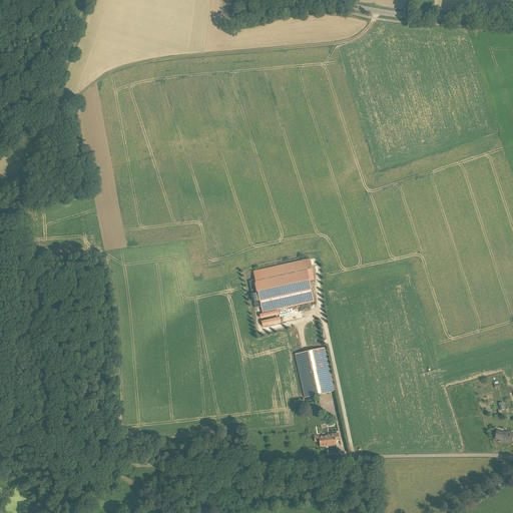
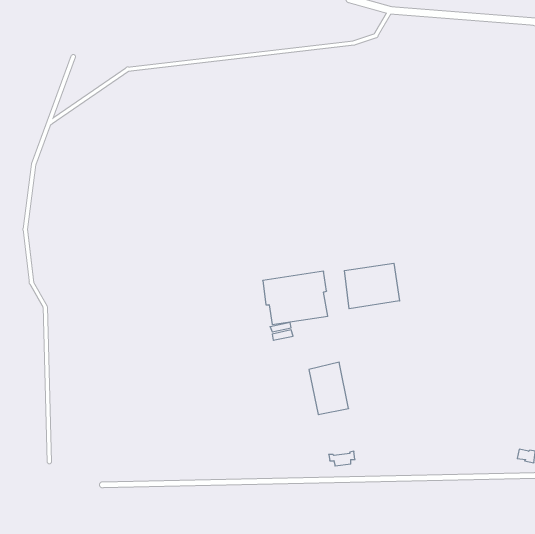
building: none -> [344,263,400,309]

